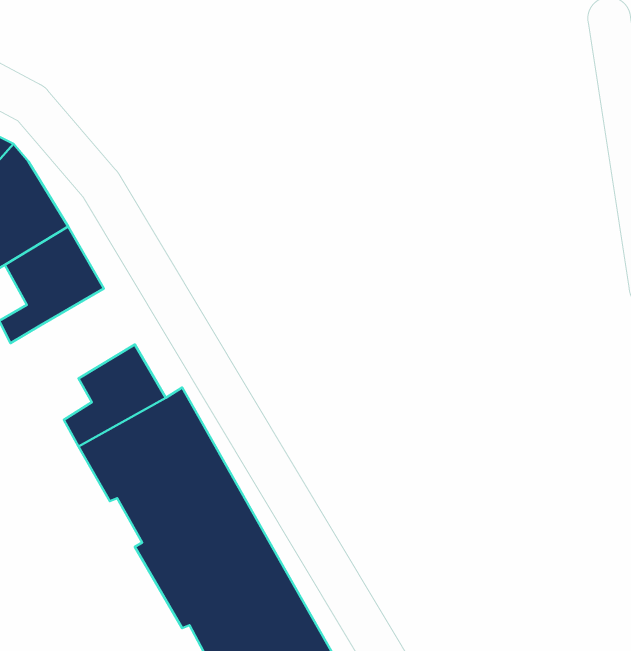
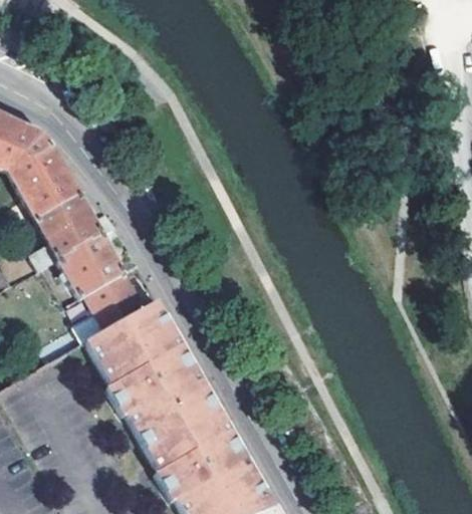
building: none -> [60,233,125,296]

